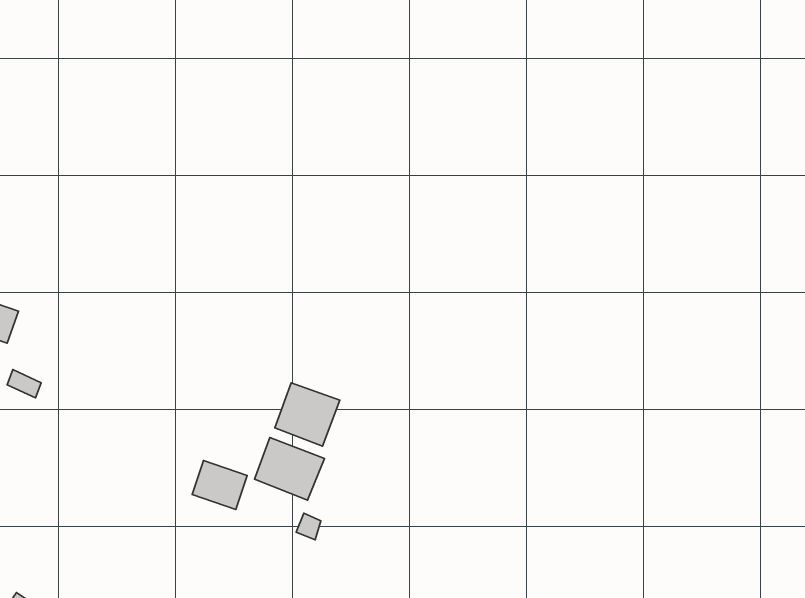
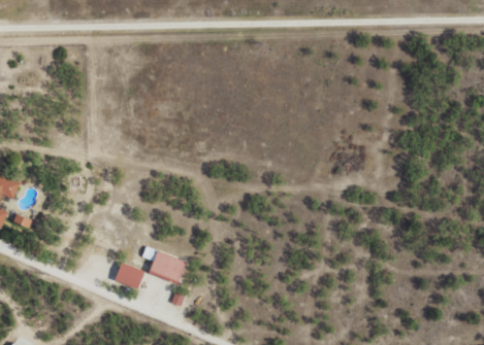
building: [275,383,340,446] -> none

